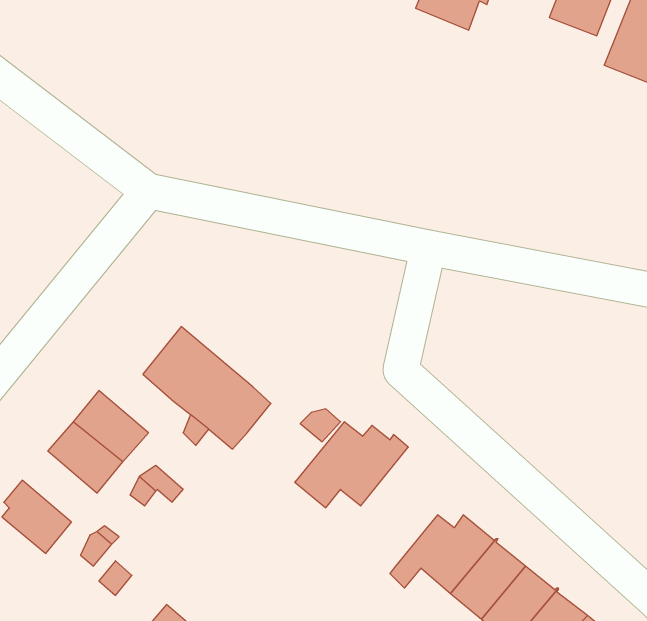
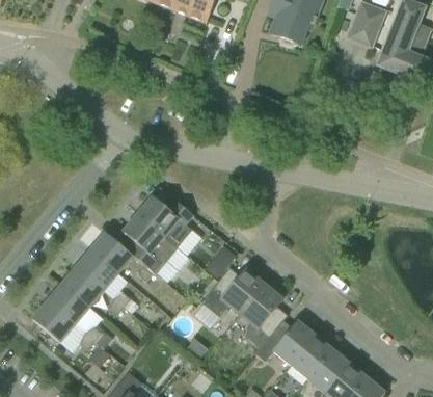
building: none -> [137,195,193,247]
building: none -> [90,232,133,273]
building: none -> [239,282,288,349]
building: none -> [47,284,89,324]

